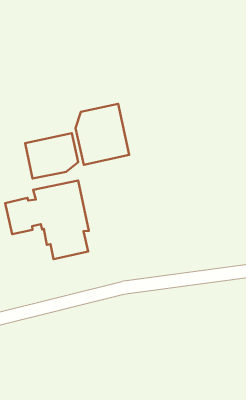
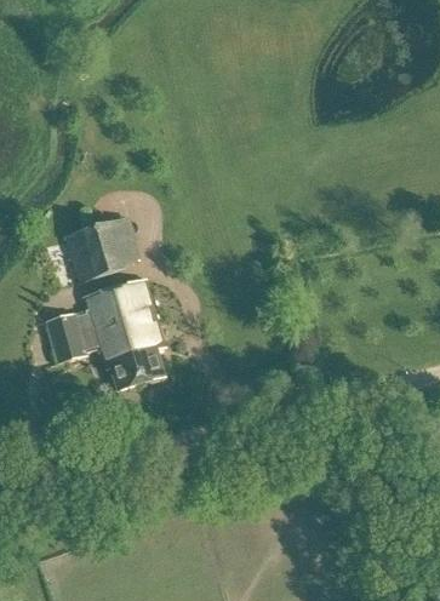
building: [75,104,129,165] -> none

